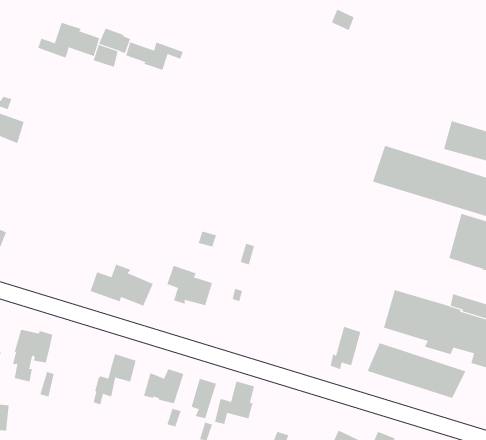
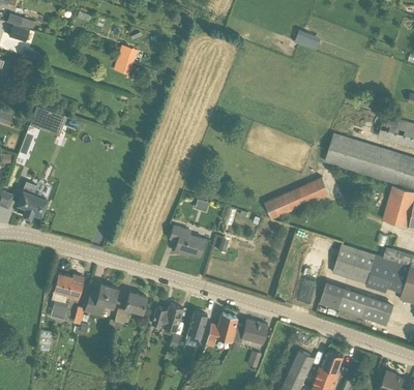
building: [37,21,100,60] -> none
building: [126,40,183,72] -> none
building: none -> [265,177,330,219]
building: [90,264,153,307] -> none
building: none -> [85,283,117,316]
building: none -> [232,317,267,344]

